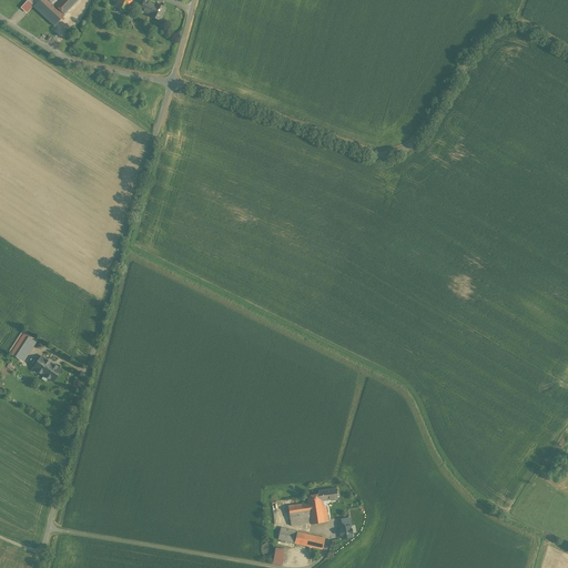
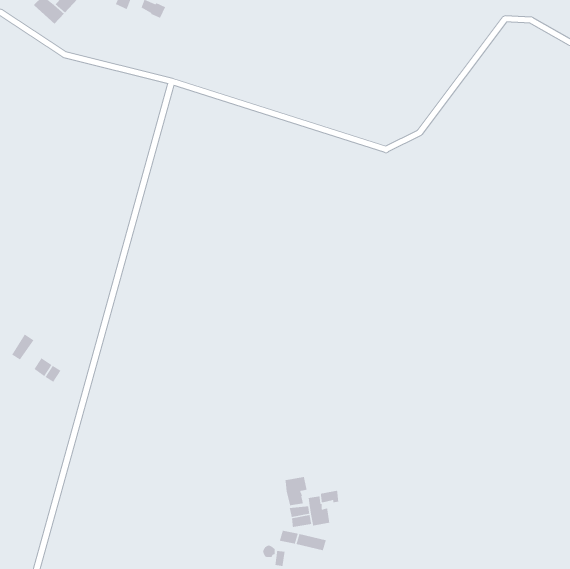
building: none -> [284,476,308,506]

